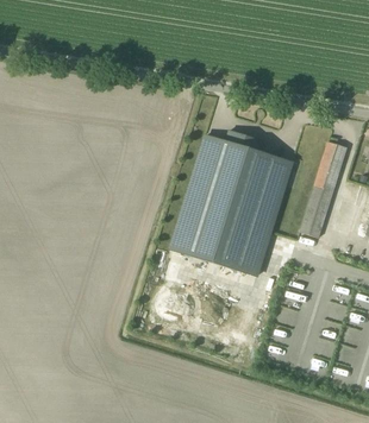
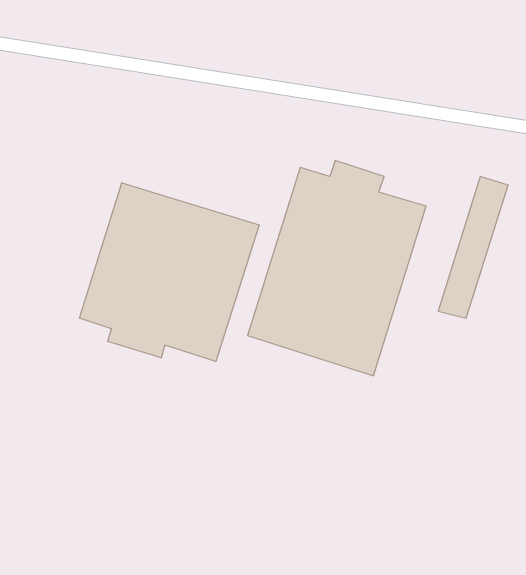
building: none -> [79,183,259,362]

